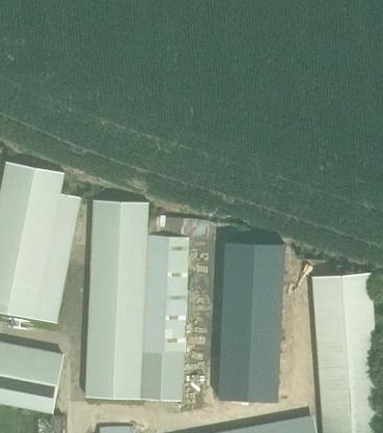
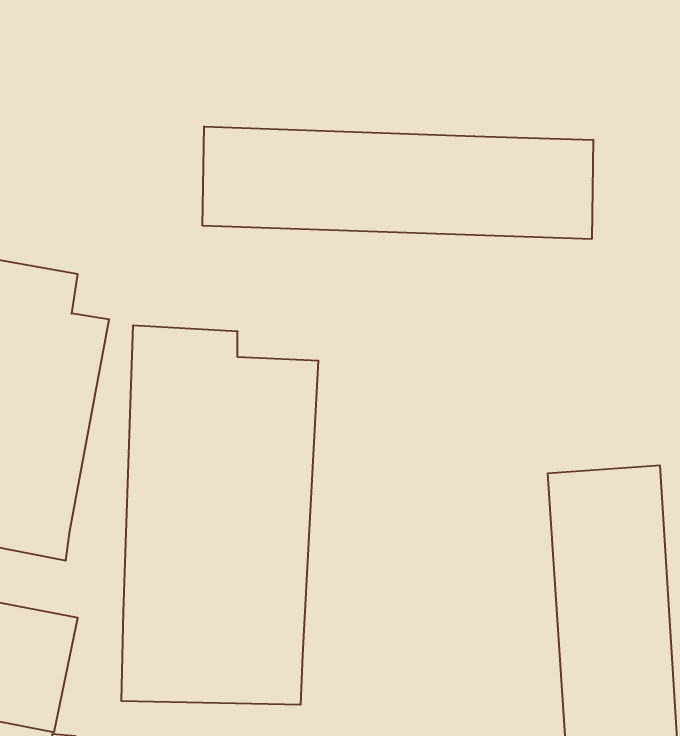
building: none -> [203,126,593,239]
building: [218,243,285,403] -> none

